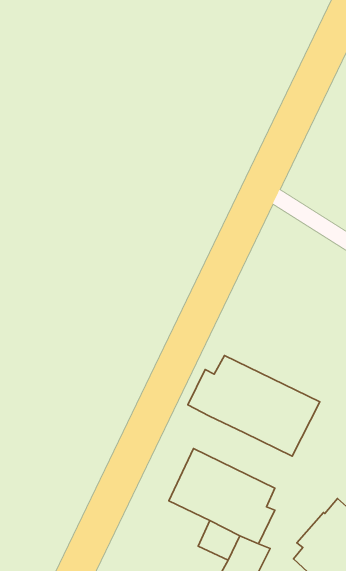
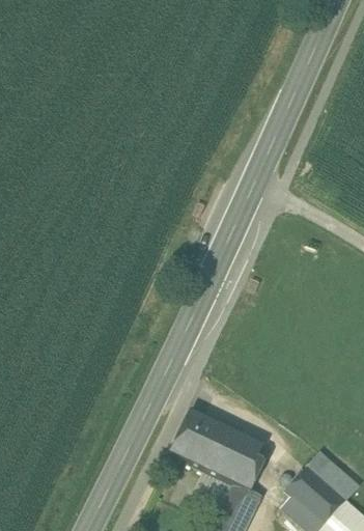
building: [188,356,320,456] -> none

